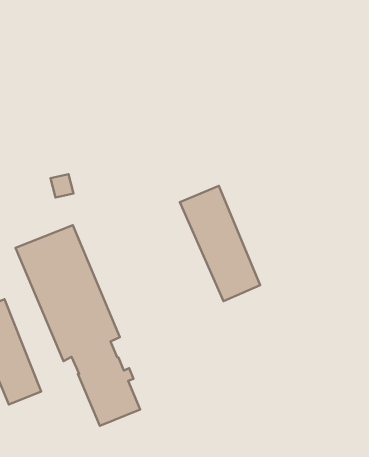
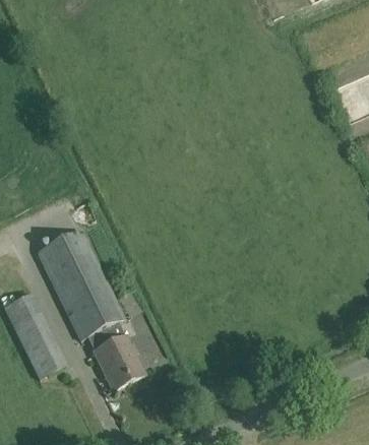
building: [180,186,260,301] -> none

